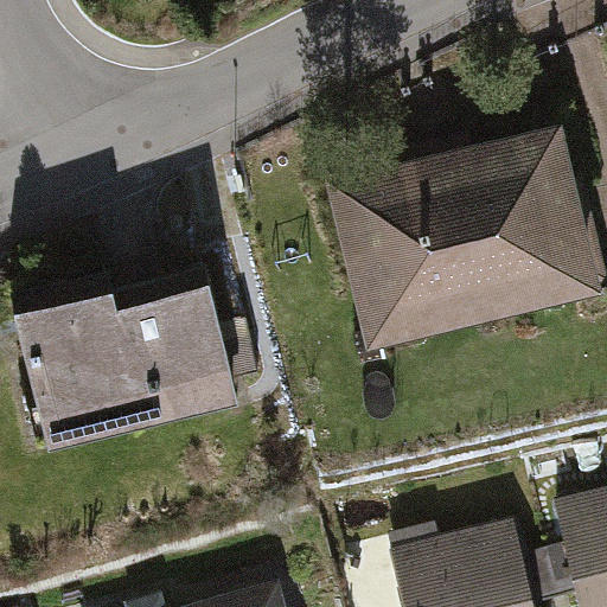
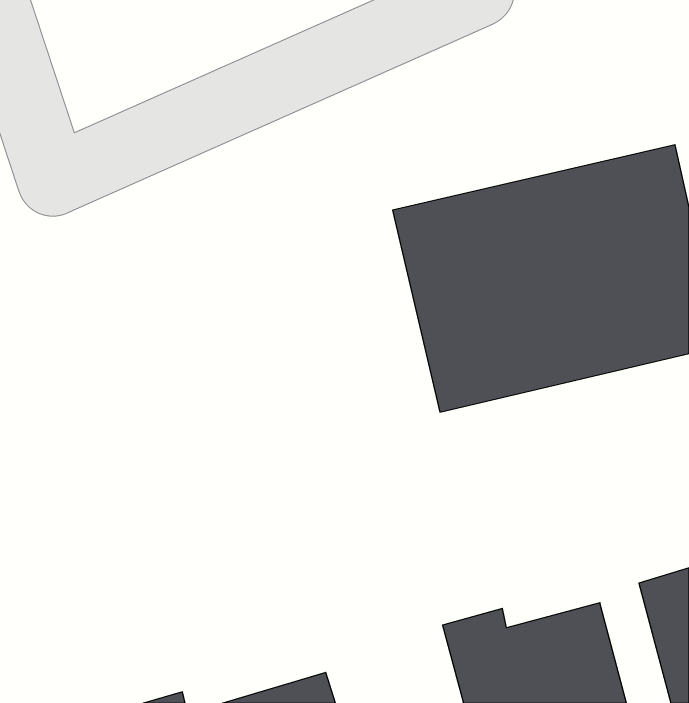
building: [26,289,261,454] -> none

